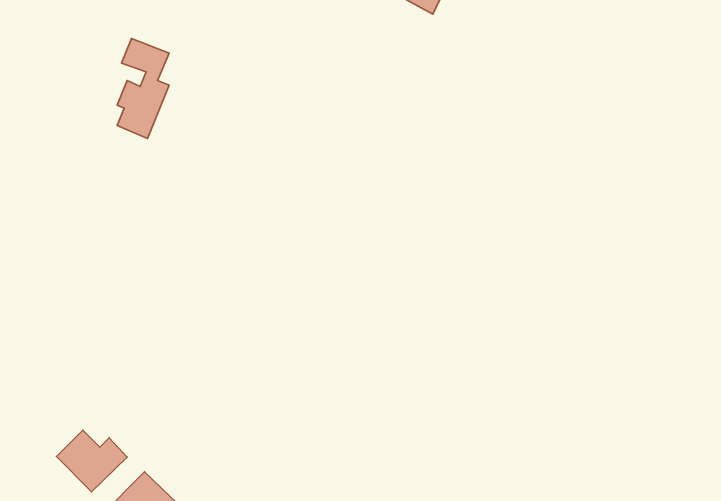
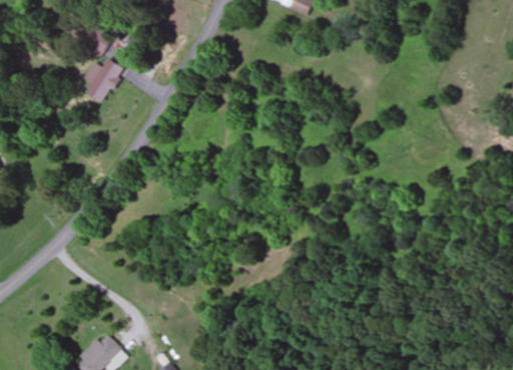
building: [56,430,127,492] -> none

